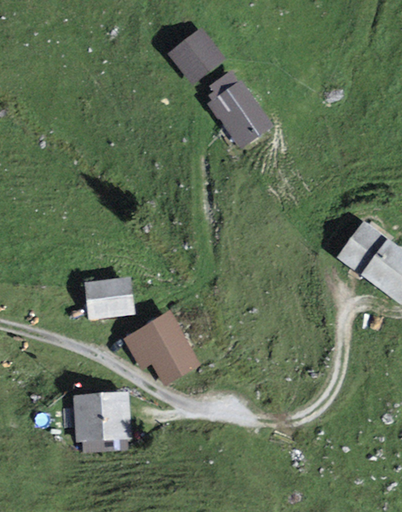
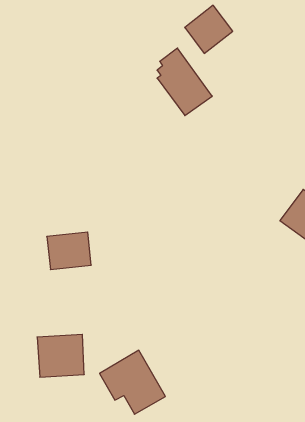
building: [169,29,223,83] -> [185,5,233,53]
building: [125,311,199,383] -> [100,350,165,414]

